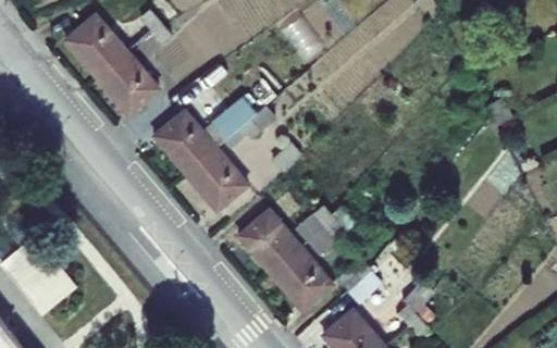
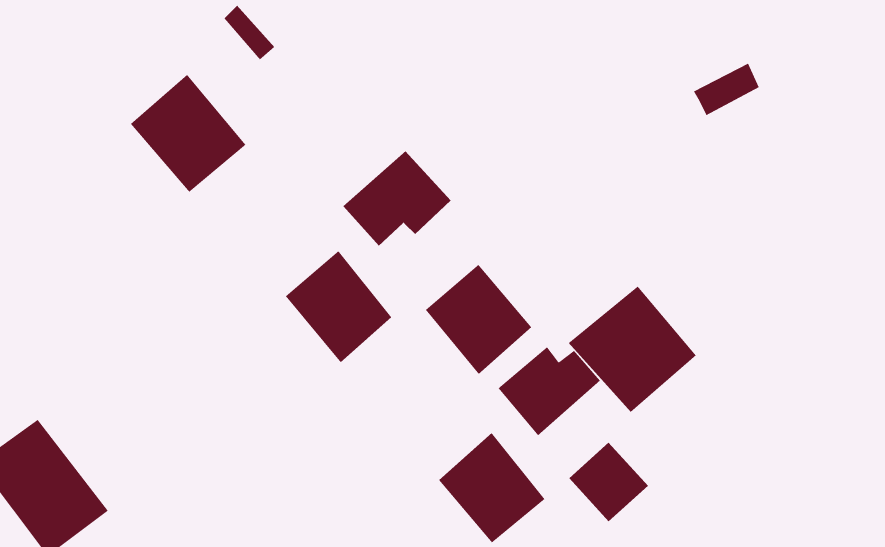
building: [62,9,125,73] -> none
building: [153,114,211,171] -> none
building: none -> [568,286,697,413]
building: [237,212,298,275] -> [425,264,532,375]

